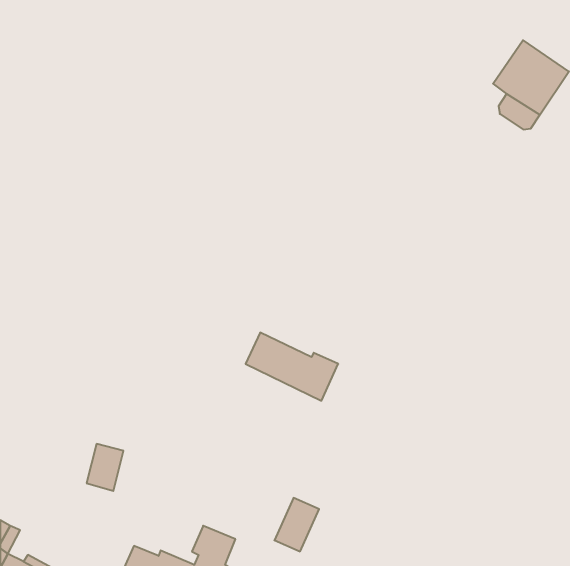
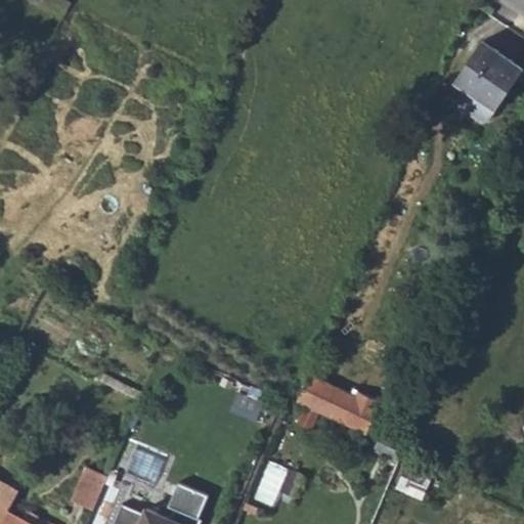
building: [246,333,338,401] -> [294,374,379,436]
building: [87,444,123,491] -> [75,468,108,511]

